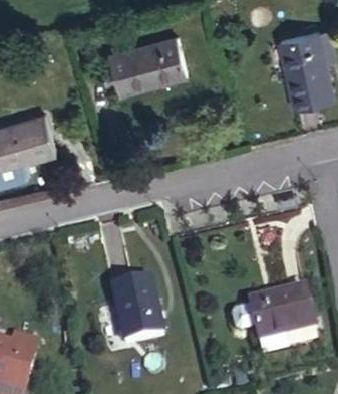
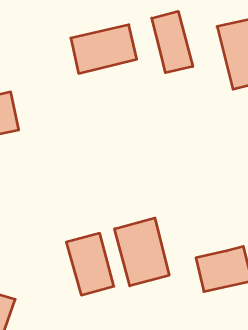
building: none -> [152,11,193,73]
building: none -> [115,218,169,286]

